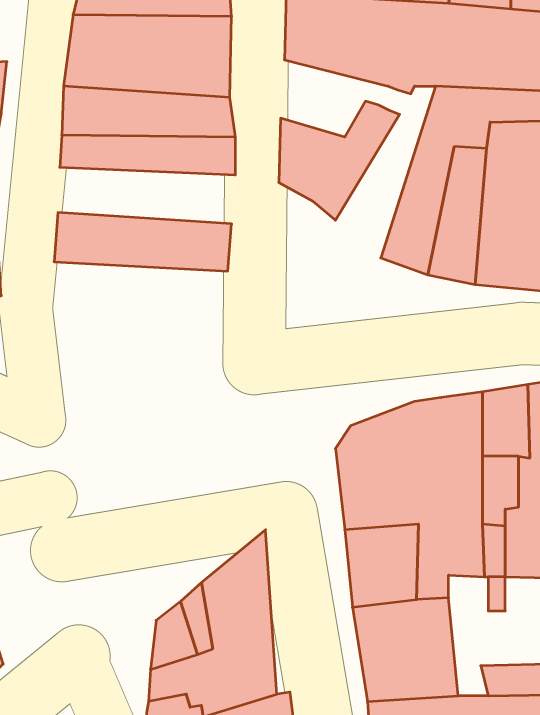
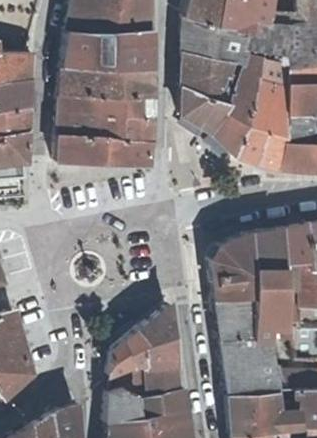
building: none -> [179,51,236,92]
building: none -> [208,65,261,156]
building: none -> [61,108,155,138]

